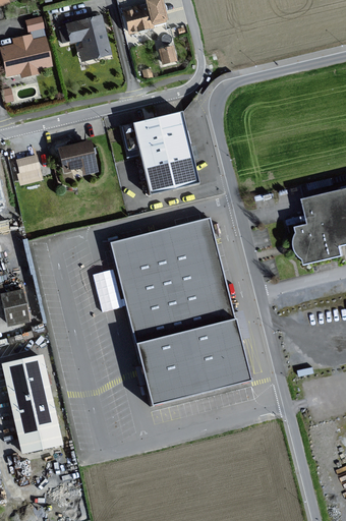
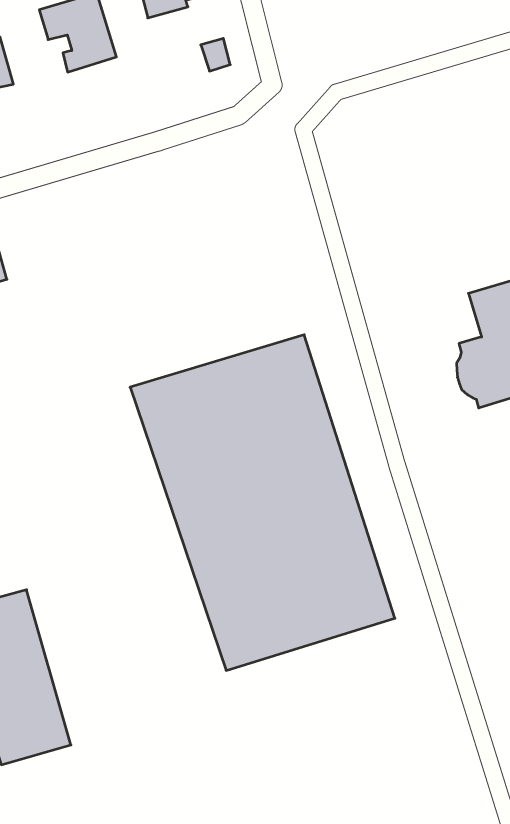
building: [121,111,199,192] -> none
building: [58,139,99,174] -> none

